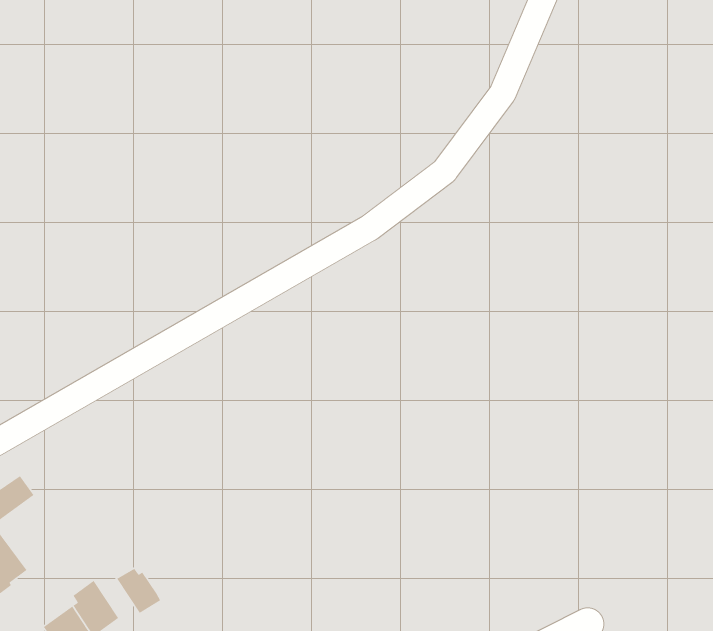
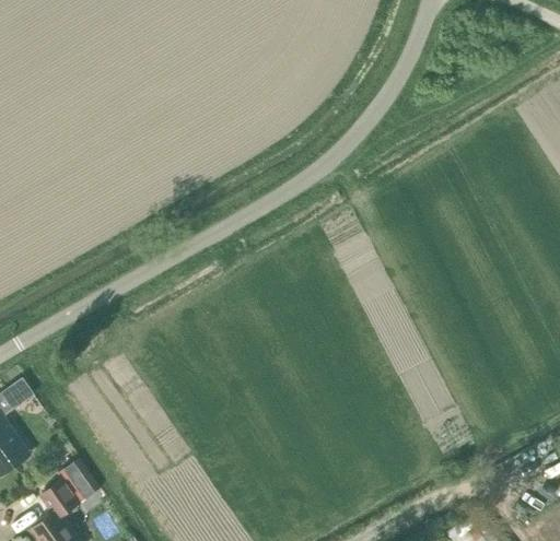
building: [116,568,161,614] -> none

